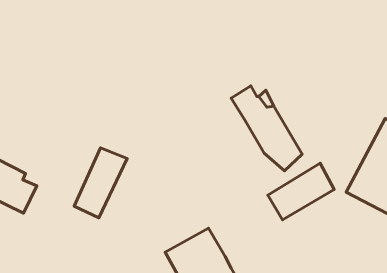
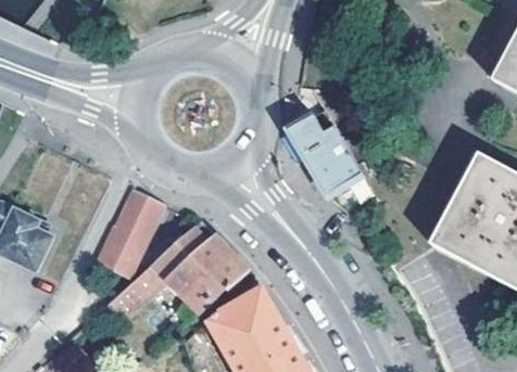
building: [268,163,334,220] -> none
building: none -> [111,219,245,320]

